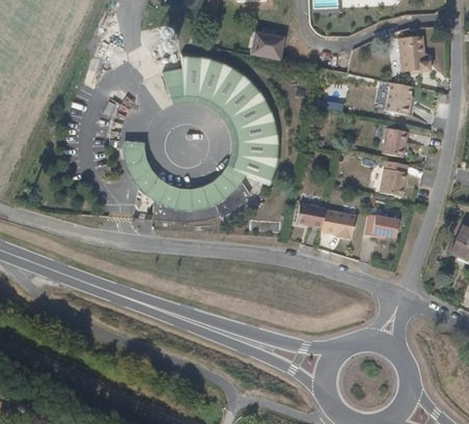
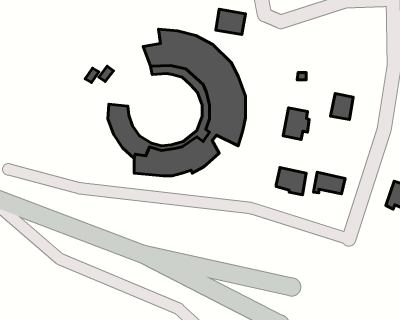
building: [398,48,423,78] -> none
building: [385,82,412,116] -> none
building: [378,159,408,195] -> [283,108,309,139]
building: [294,206,324,230] -> none

